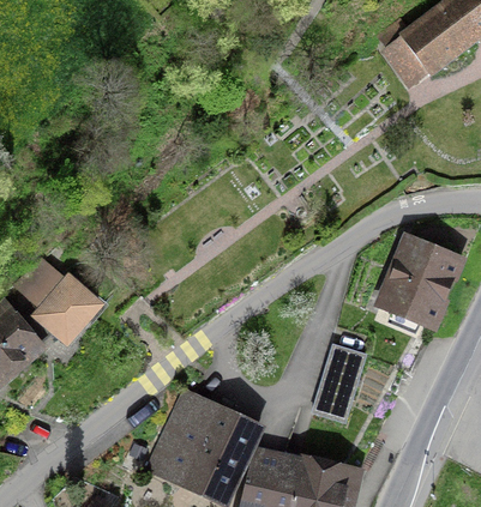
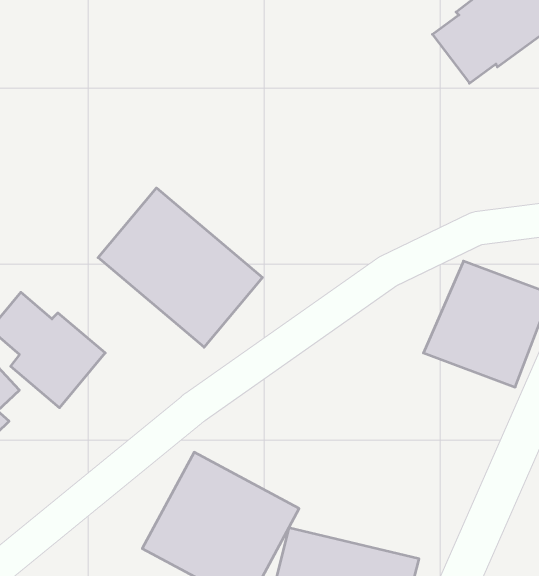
building: none -> [98,188,262,347]
building: [313,344,363,421] -> none

